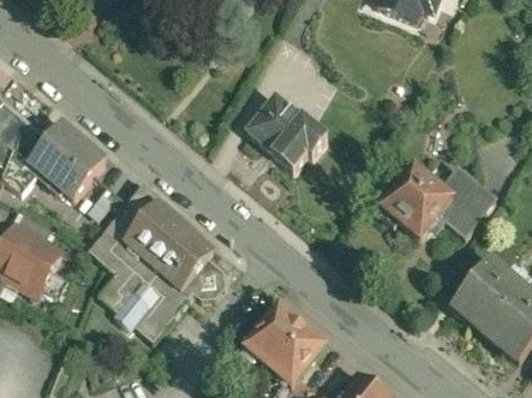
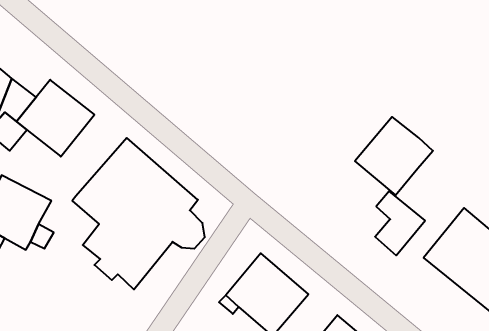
building: [245,91,335,172] -> none
building: [444,168,496,234] -> [375,191,425,255]

